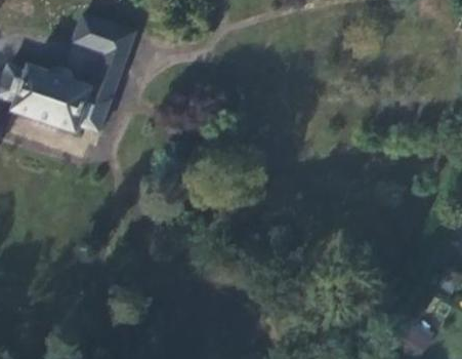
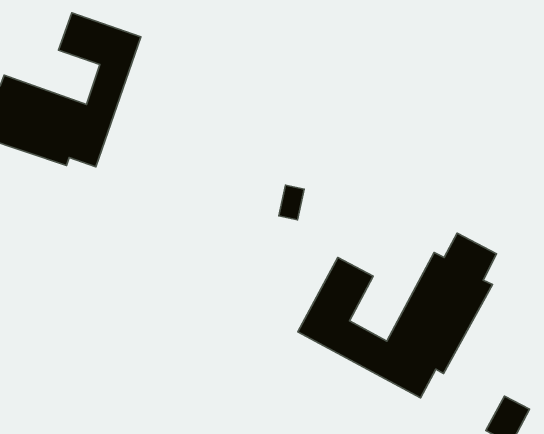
building: none -> [298,233,496,398]

